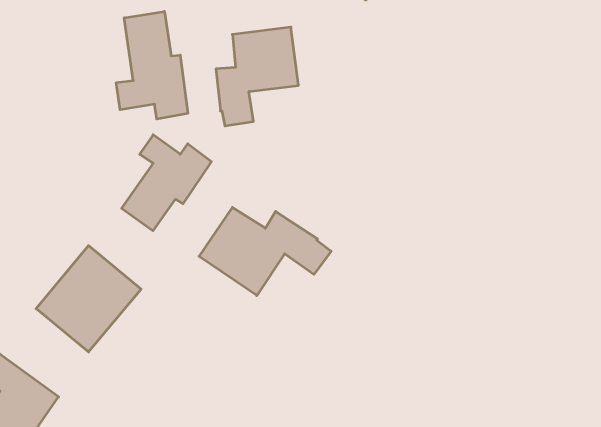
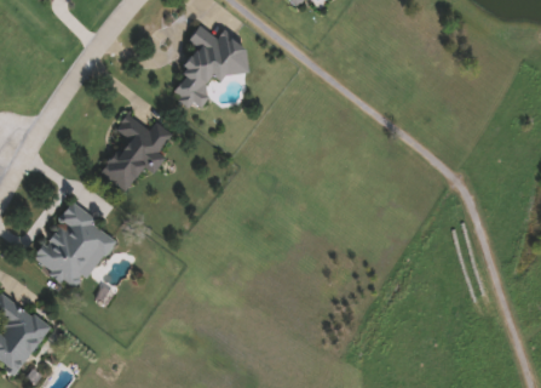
building: [116,11,188,119] -> none
building: [199,207,331,296] -> none

